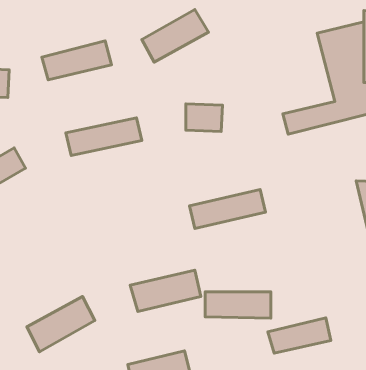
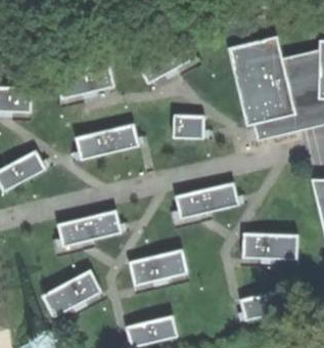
building: none -> [227,37,294,126]
building: none -> [58,212,120,245]
building: [205,292,271,318] -> [243,235,296,257]

